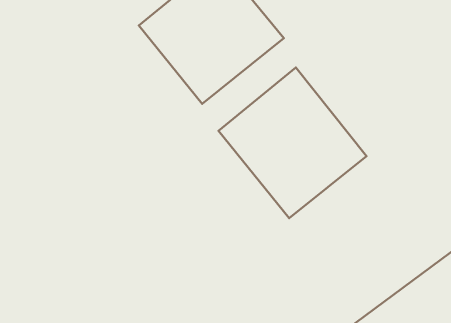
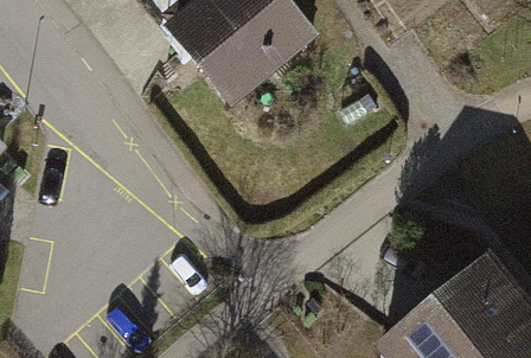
building: [218,67,366,218] -> none

